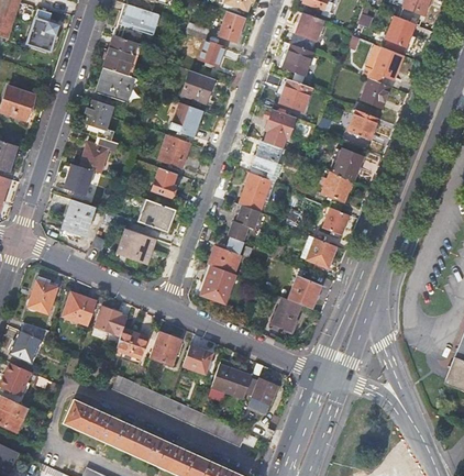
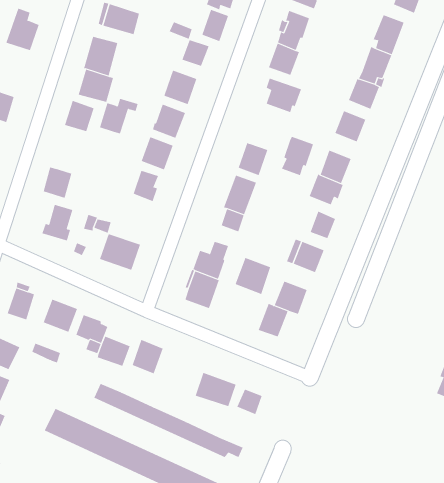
building: [264,110,296,148] -> [281,136,314,176]
building: [78,139,117,174] -> [99,98,139,134]
building: [137,200,175,232] -> none
building: none -> [235,257,271,295]
building: [183,346,212,375] -> none

